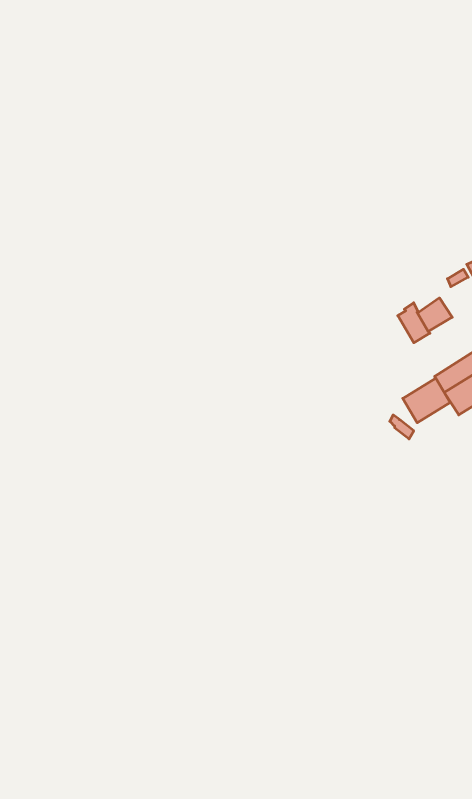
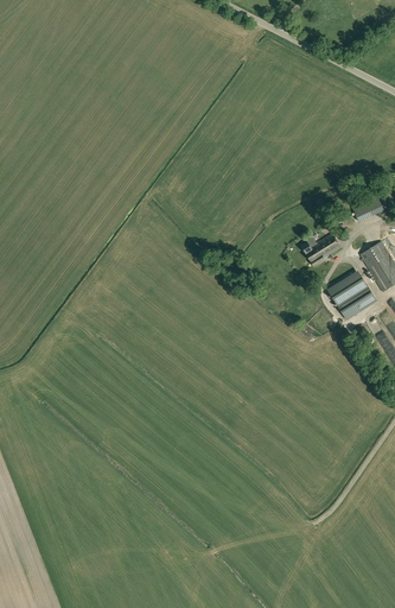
building: [403,378,450,423] -> none

